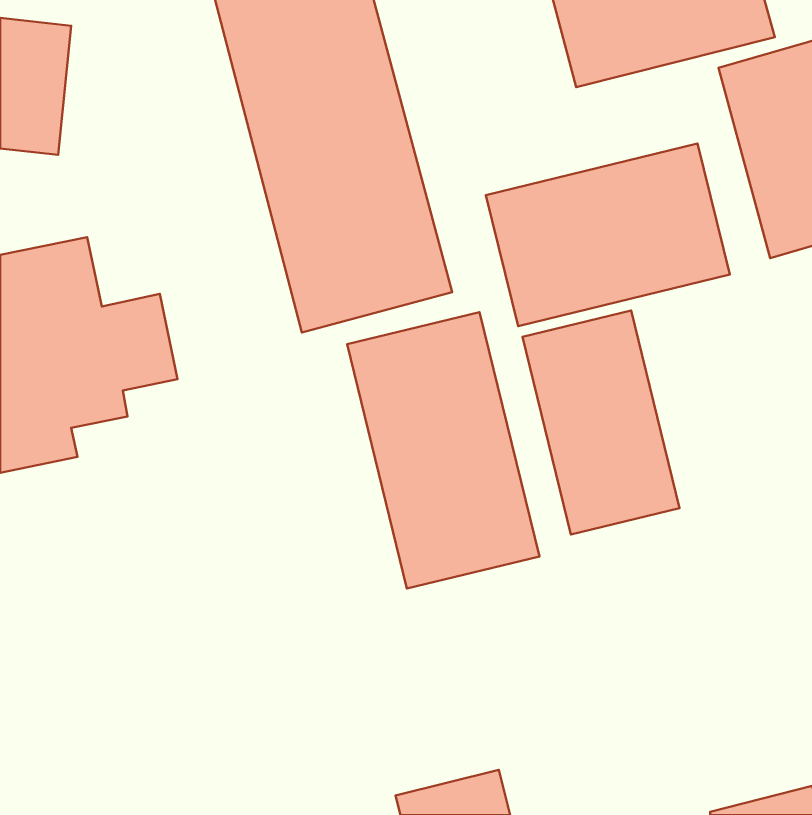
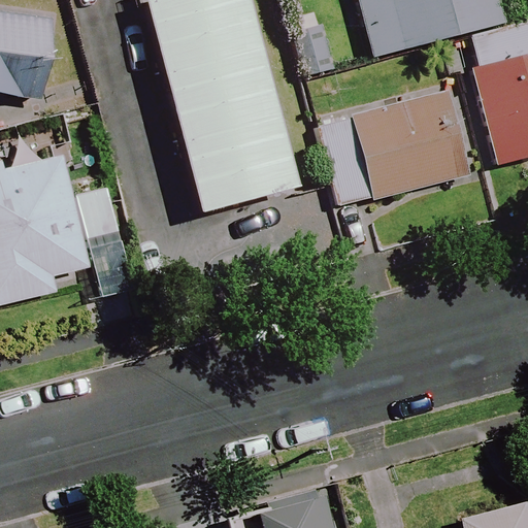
building: [522,310,680,535] -> none
building: [347,312,539,588] -> none

